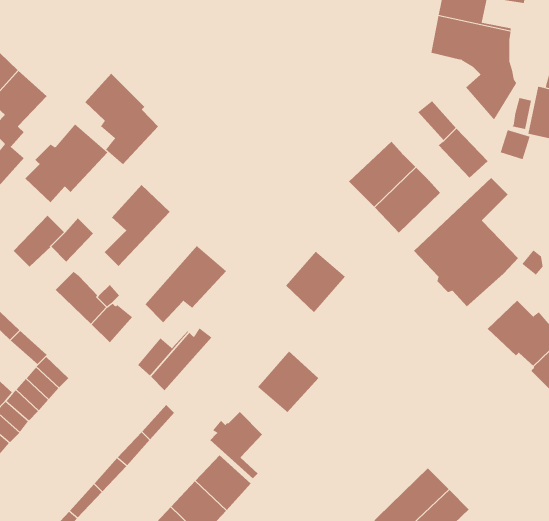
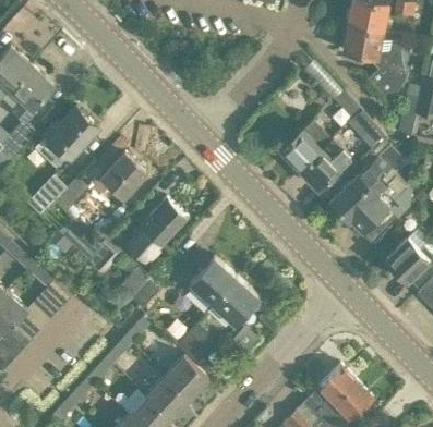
building: [84,73,159,165] -> none
building: [285,251,346,313] -> [190,257,236,304]

